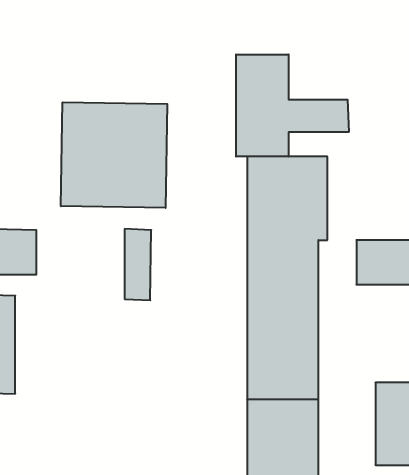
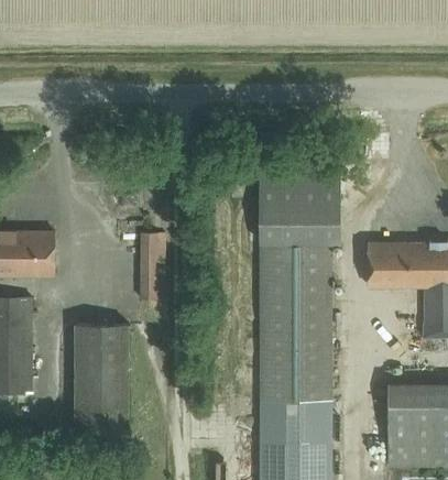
building: [236,54,349,157] -> none
building: [61,102,167,208] -> none
building: none -> [74,325,129,432]

